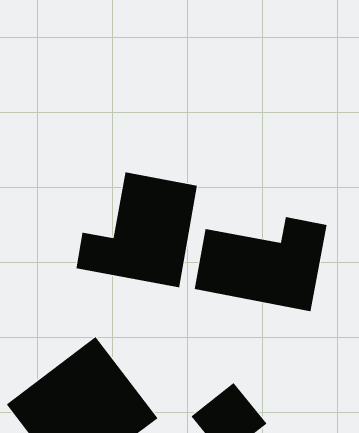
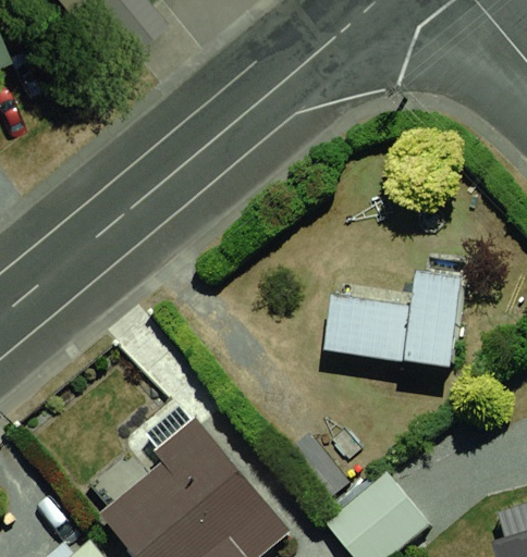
building: [76,172,197,288] -> none

